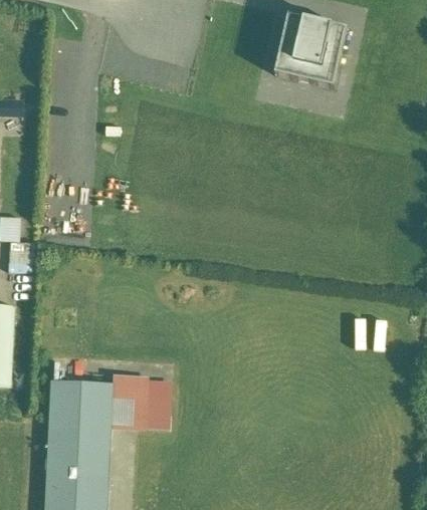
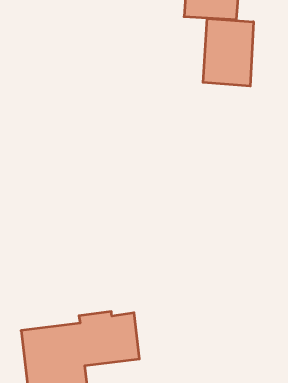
building: none -> [203,18,253,86]

